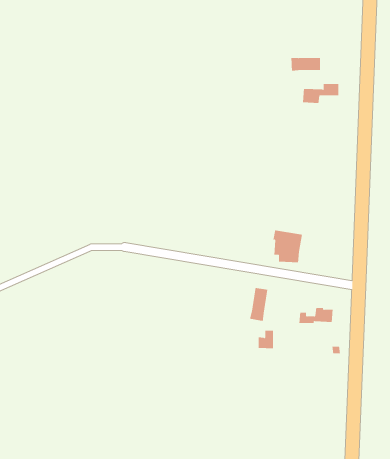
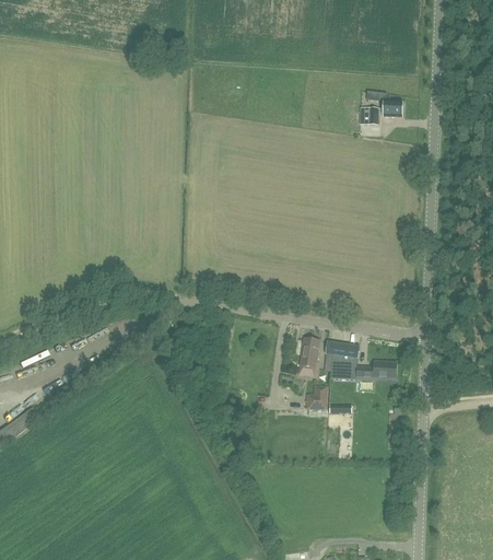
building: [291,57,320,71] -> none
building: [273,230,303,263] -> [324,340,359,378]

